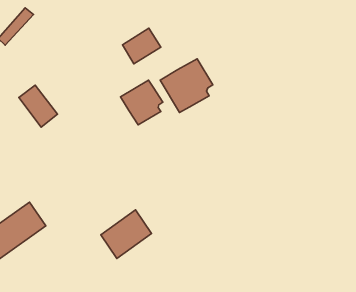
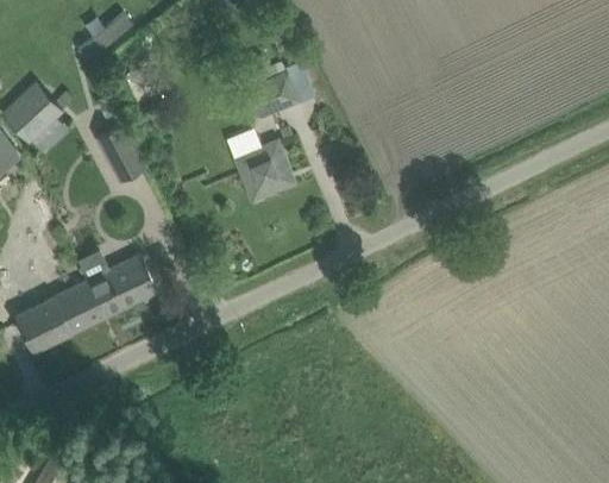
building: [160,59,213,113] -> none
building: [101,210,152,258] -> [88,255,157,316]

